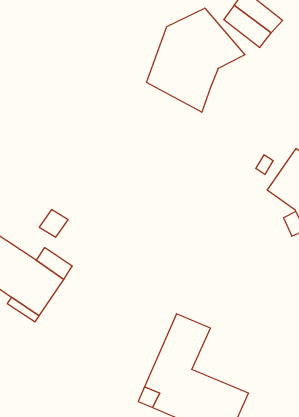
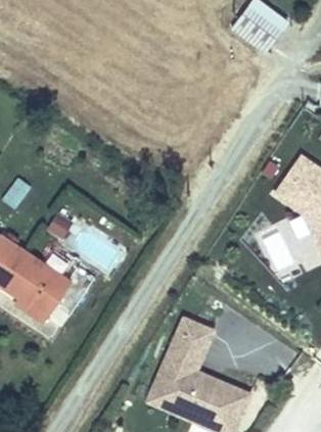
building: [146,8,245,112] -> none

